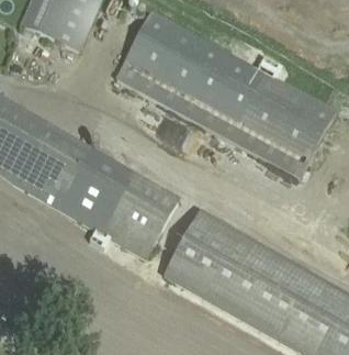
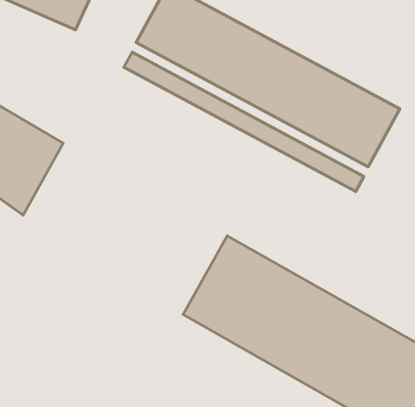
building: [36,137,178,256] -> none

